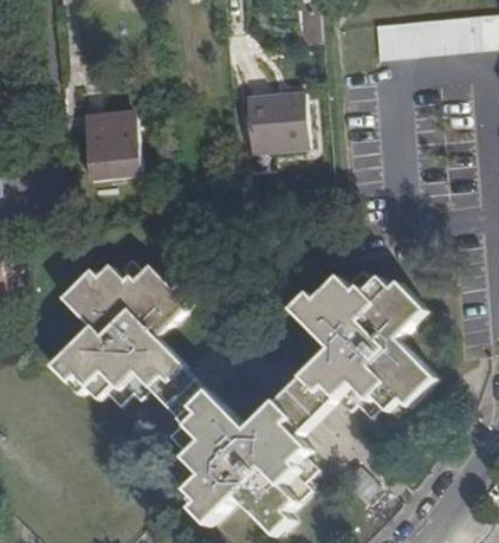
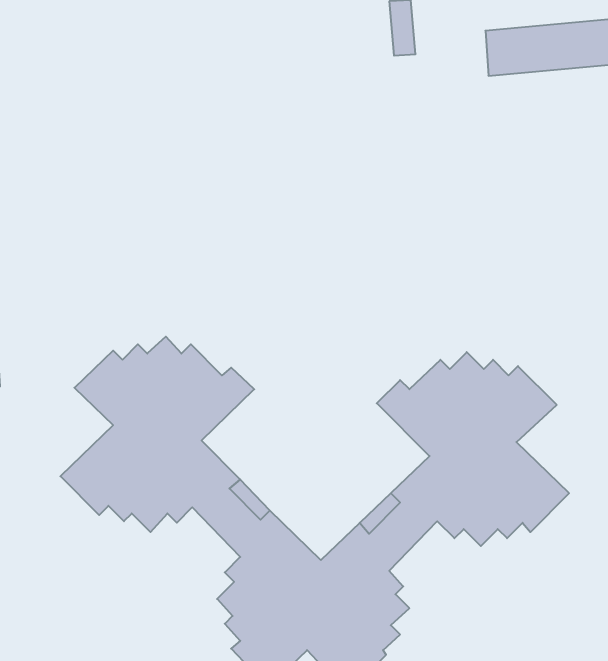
building: [244,92,306,154] -> none
building: [82,117,140,181] -> none

